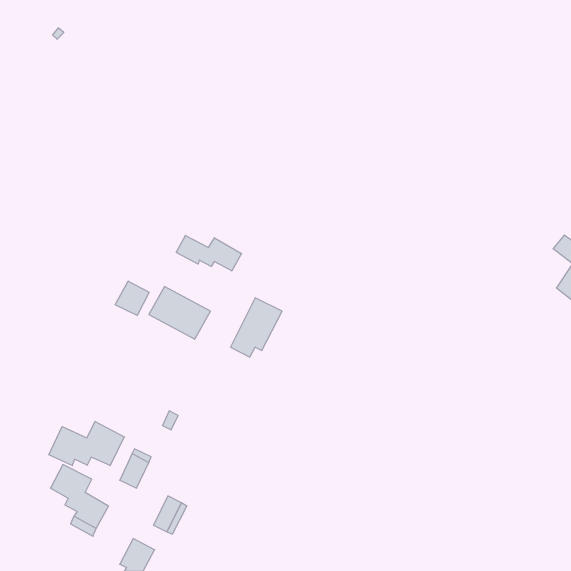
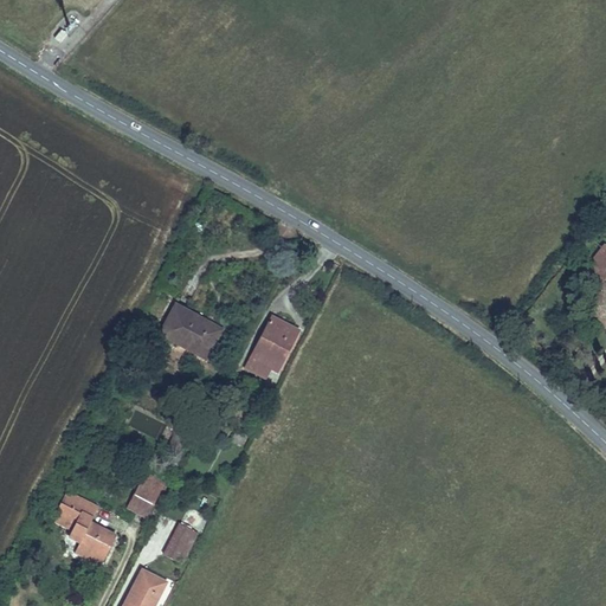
building: [176,235,242,271] -> none
building: [115,281,149,315] -> none
building: [49,421,124,466] -> none

